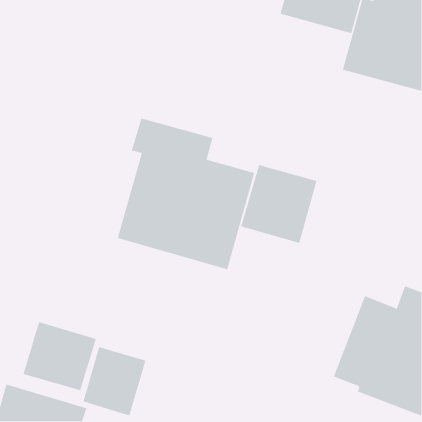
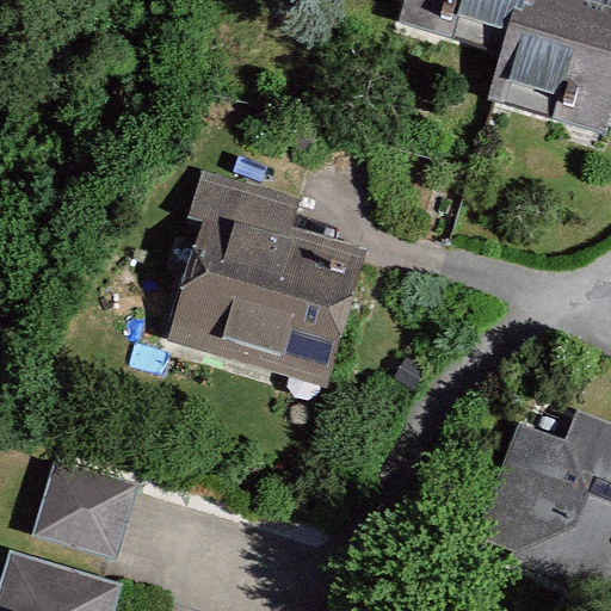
building: [240,164,318,244] -> none
building: [82,346,147,417] -> none

